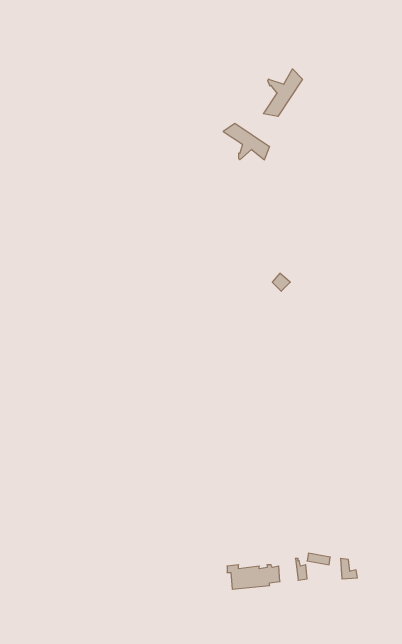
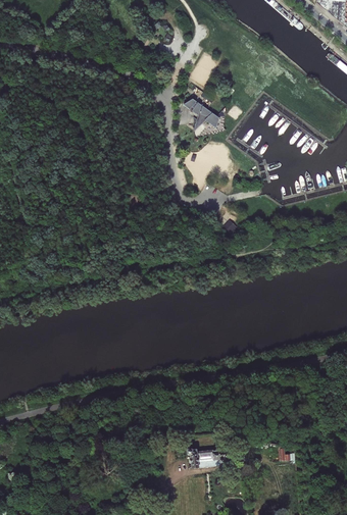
building: [263,69,302,116] -> none

